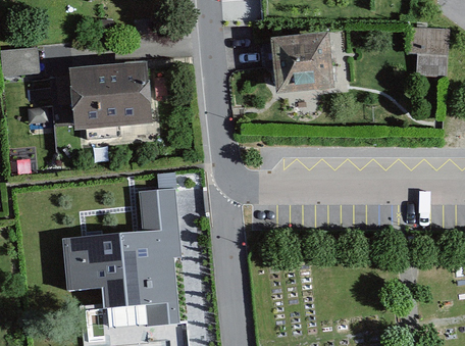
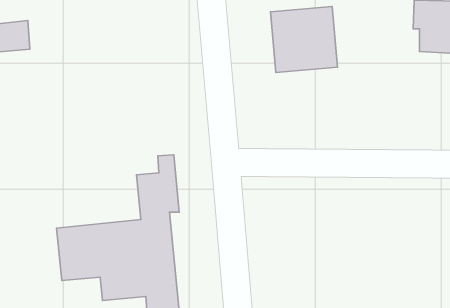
building: [68,60,152,130] -> none

